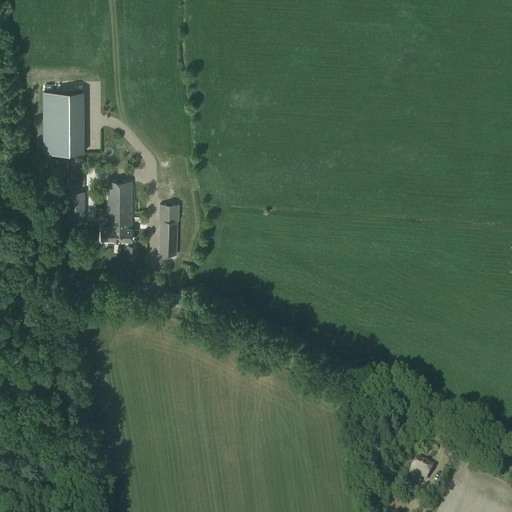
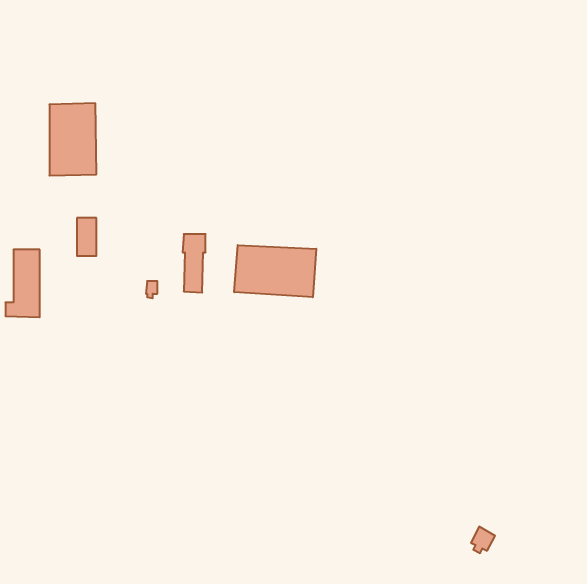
building: [101,183,131,242] -> [5,250,40,317]
building: none -> [234,245,316,297]

